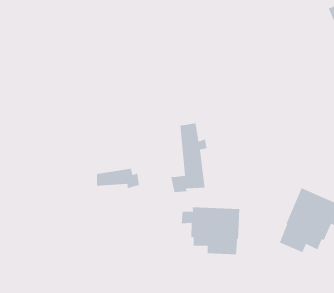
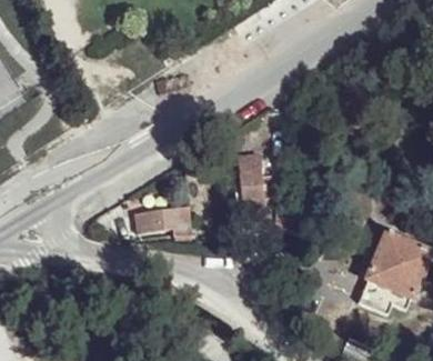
building: [181,206,240,255] -> none

